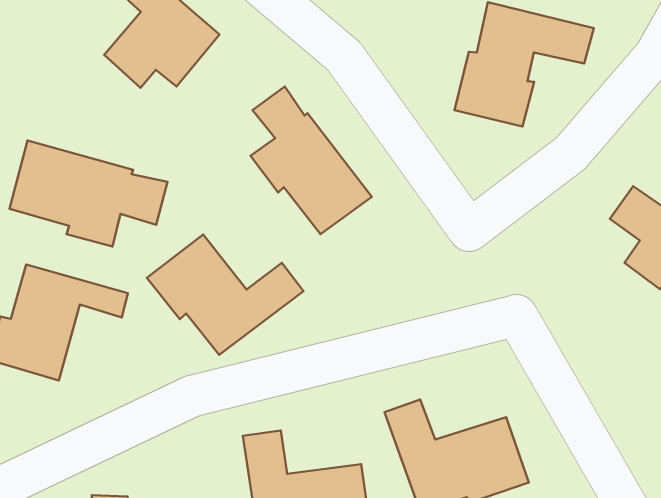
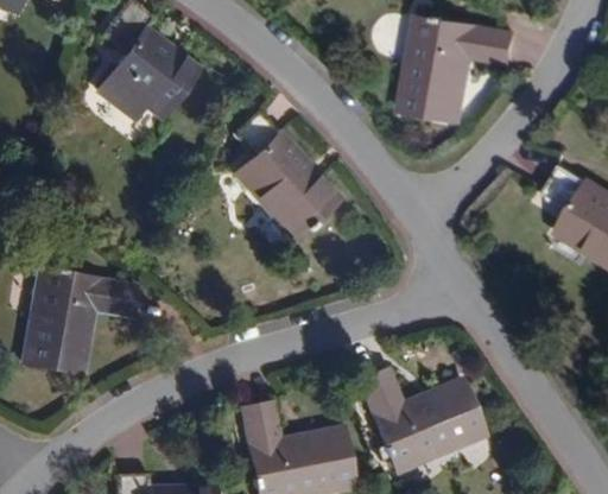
building: [10,140,168,247] -> none
building: [147,235,304,355] -> none

